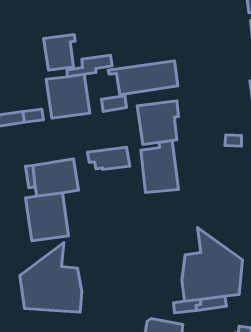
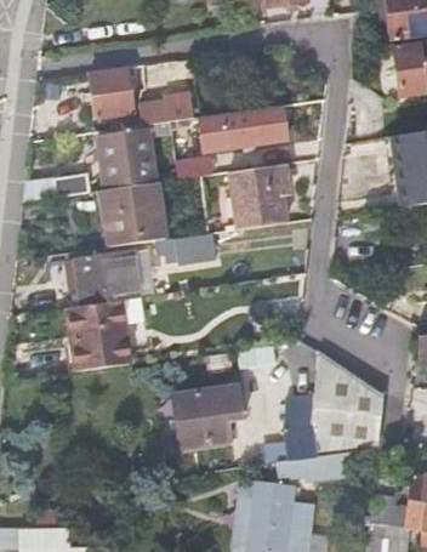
building: none -> [101,183,167,247]
building: [141,140,178,192] -> none
building: [20,243,82,312] -> none
building: none -> [182,385,243,443]

